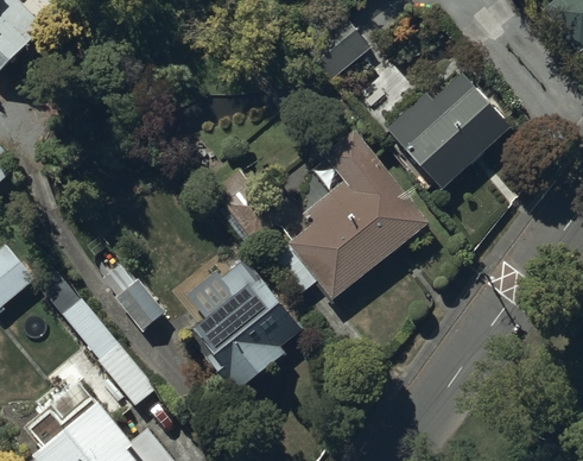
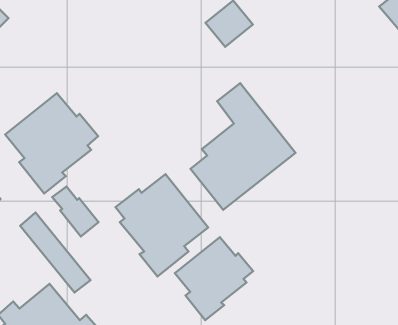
building: [385,65,514,188] -> none
building: none -> [5,93,98,193]
building: none -> [175,237,253,320]

